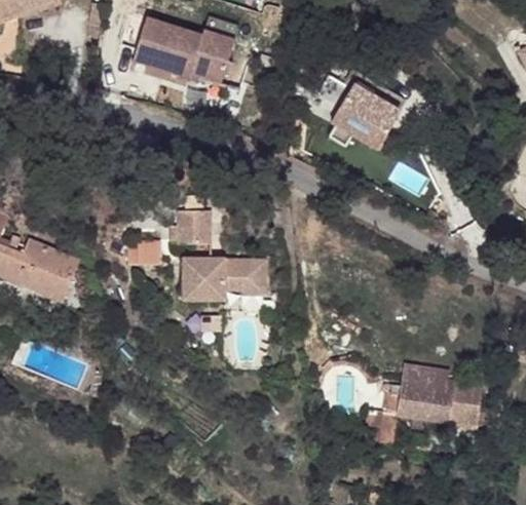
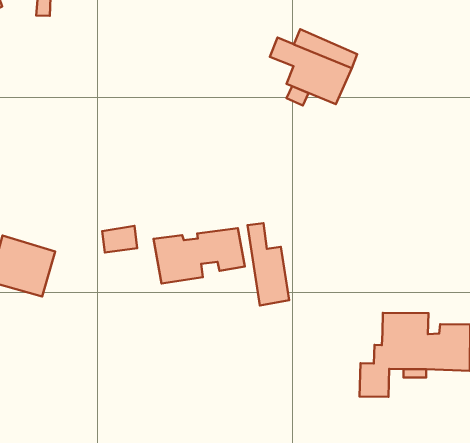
building: [135,18,235,82] -> none
building: [172,207,211,242] -> none
building: none -> [248,223,289,306]

